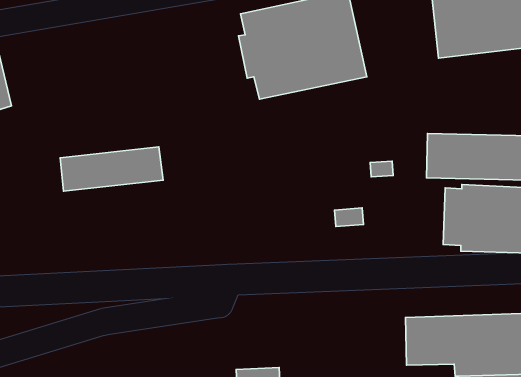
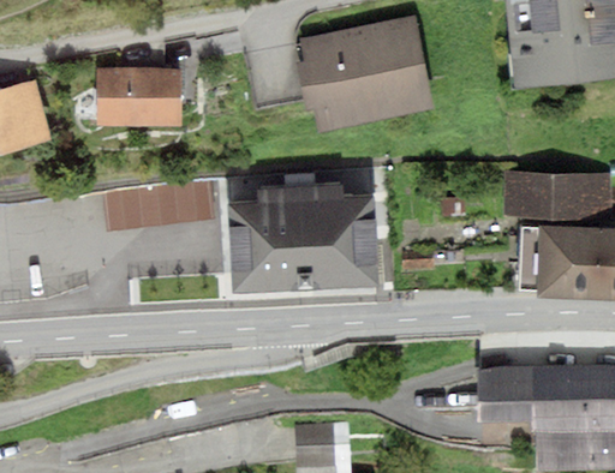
building: none -> [97,68,181,124]
building: none -> [227,184,380,291]

